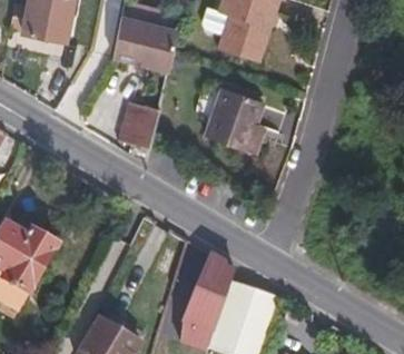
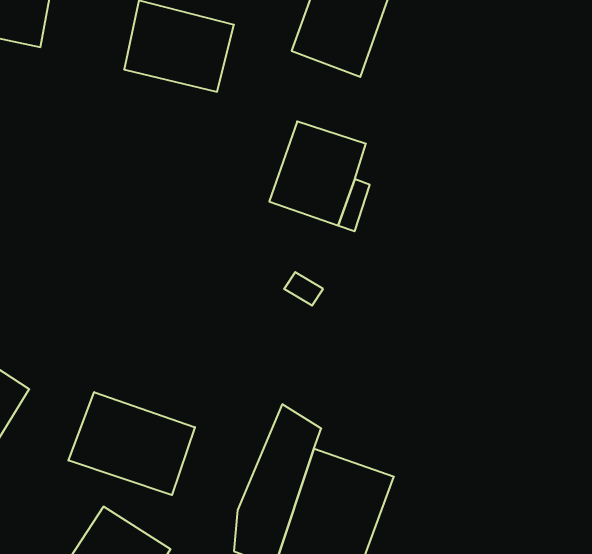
building: [122,100,161,147] -> none
building: none -> [68,392,195,495]

